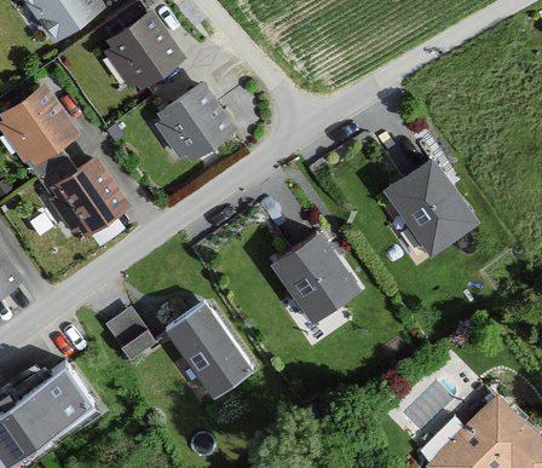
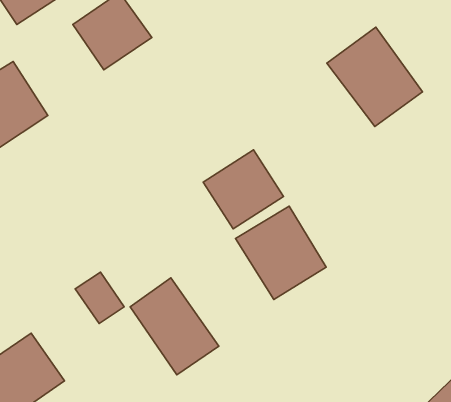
building: [155,85,236,164] -> [203,150,283,229]
building: [44,155,131,241] -> none
building: [382,156,479,256] -> [327,27,423,127]

